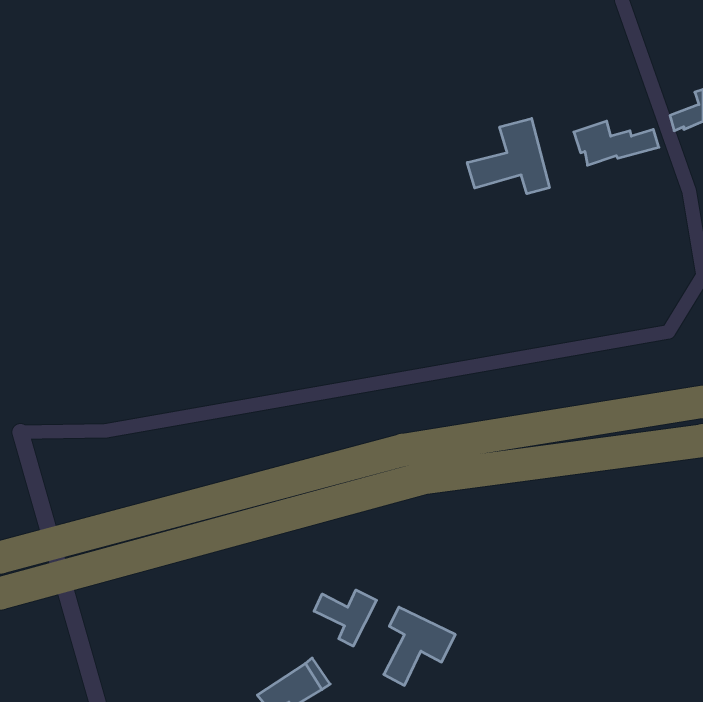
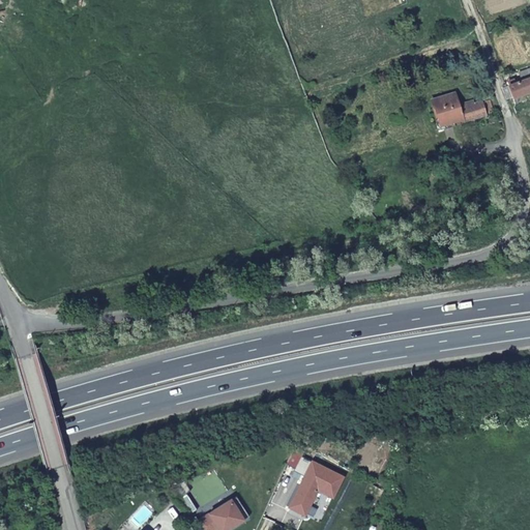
building: [467,118,549,194] -> none
building: [314,590,377,646] -> none

